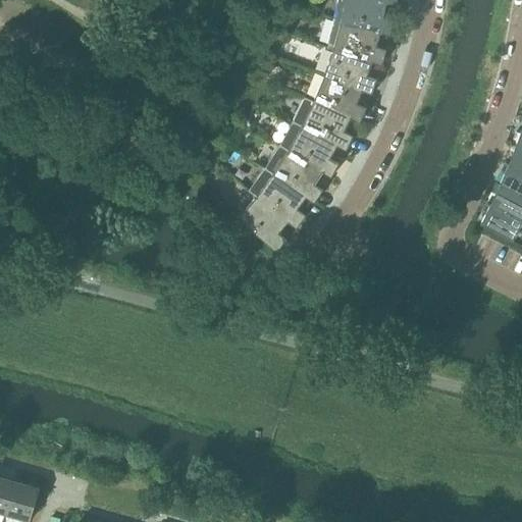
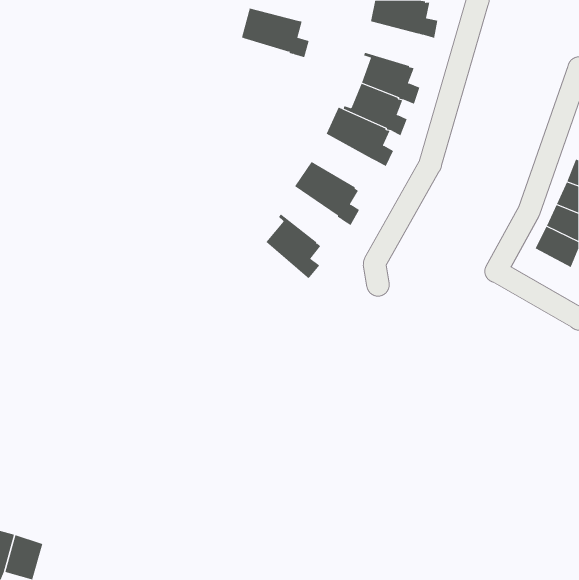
building: [325,19,386,64] -> [241,8,309,58]
building: [279,120,340,176] -> none
building: [249,167,306,227] -> none

